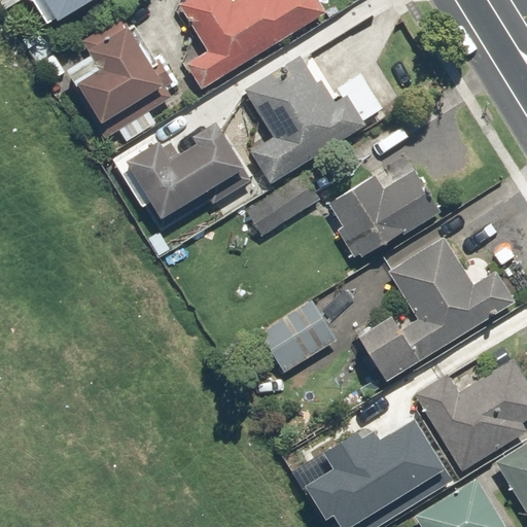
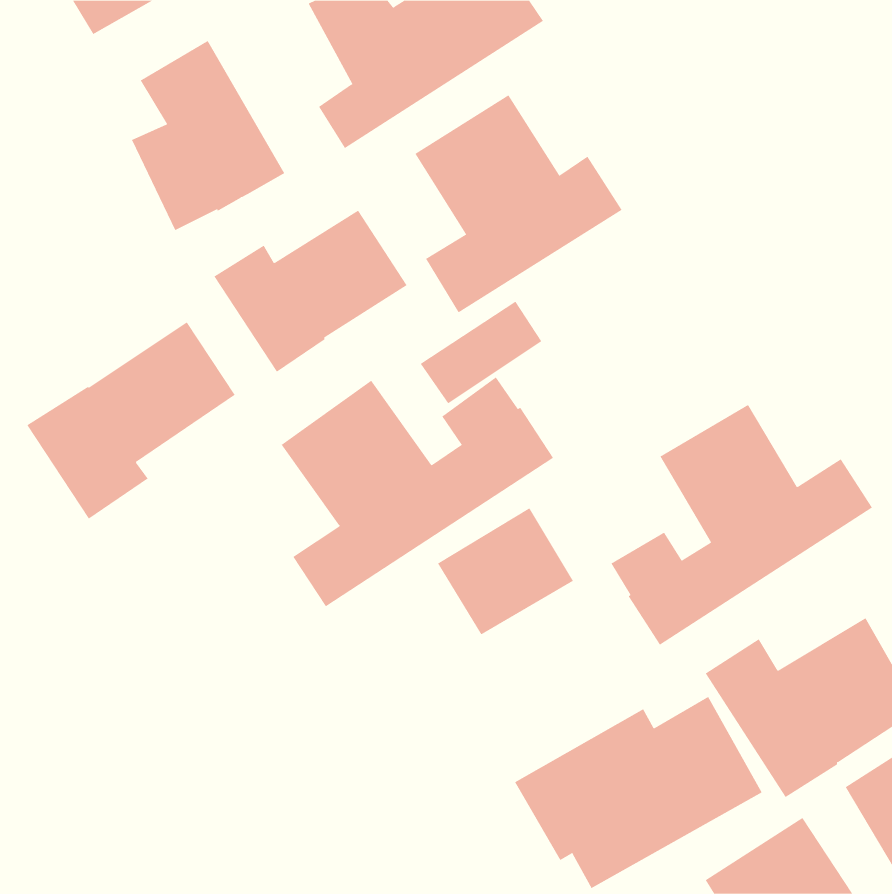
building: [330,169,437,257] -> none
building: none -> [27,321,236,520]
building: none -> [281,377,554,607]

